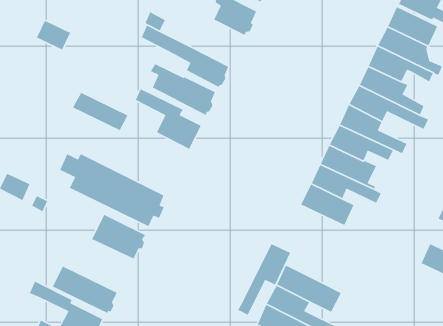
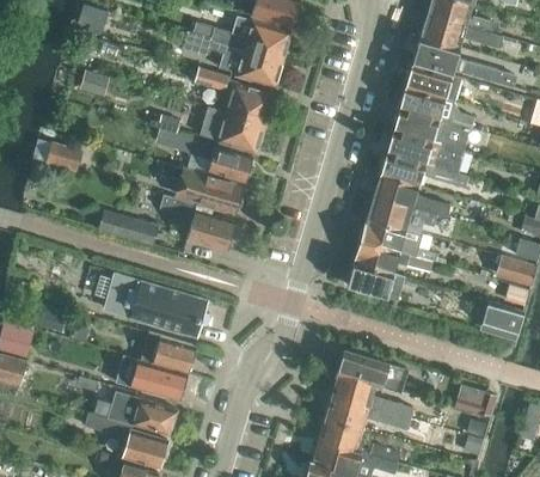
building: none -> [198,106,263,149]
building: none -> [118,355,186,400]
building: [237,243,291,316] -> none

